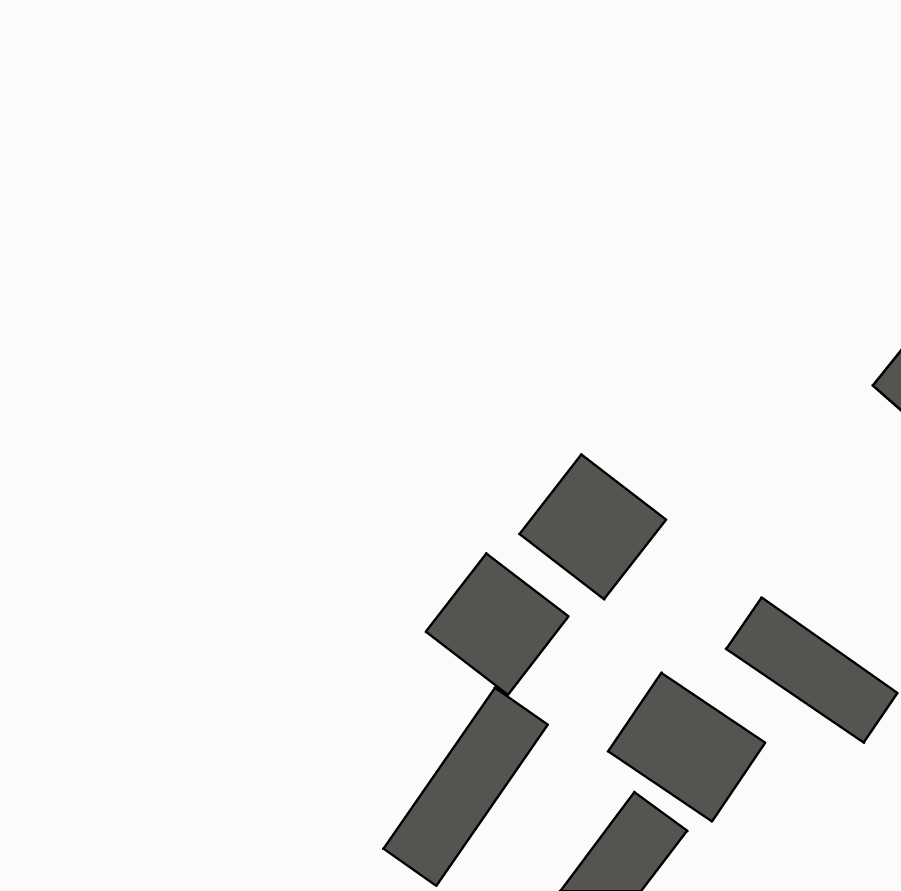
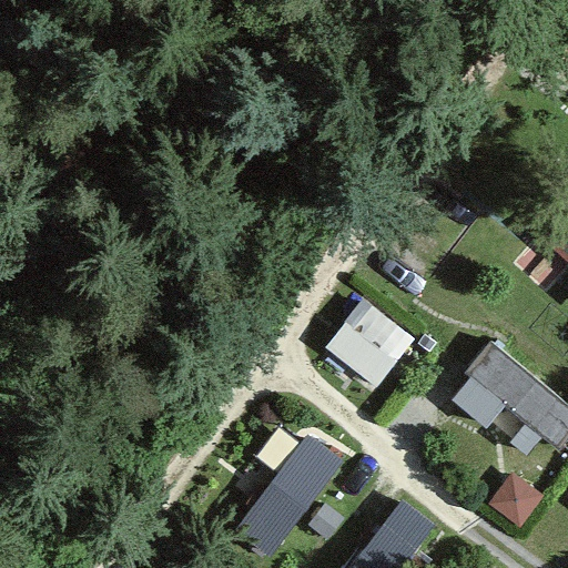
building: [426,553,568,695] -> none
building: [608,673,765,821] -> none

